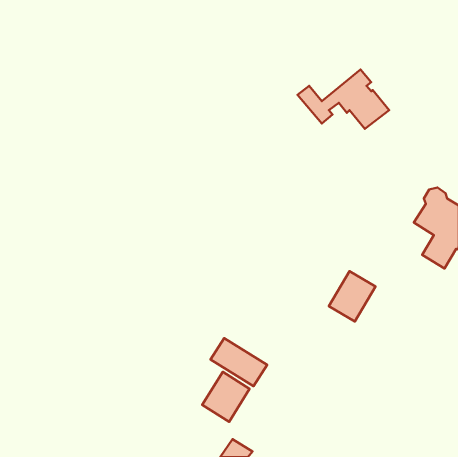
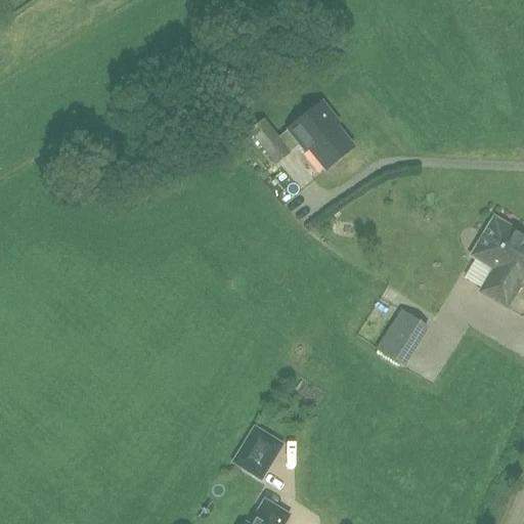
building: [298,70,389,129] -> [251,100,355,168]
building: [211,338,267,386] -> none

